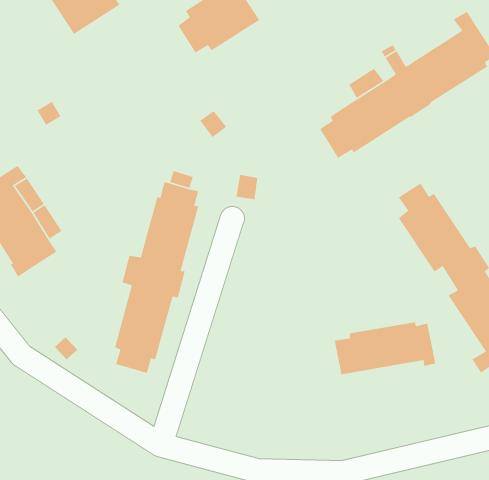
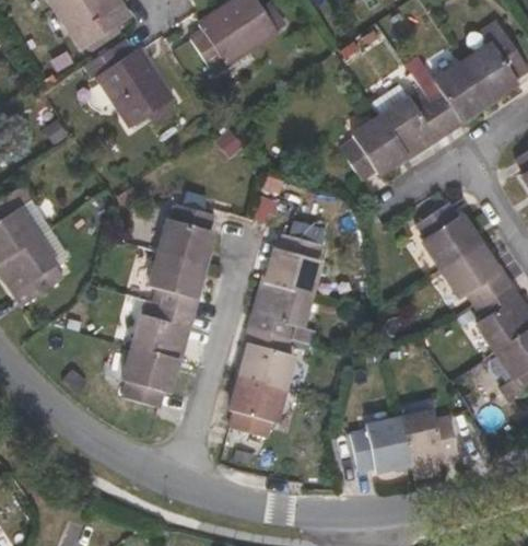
building: none -> [84,40,177,126]
building: none -> [230,233,320,437]
building: [334,321,436,375] -> [350,413,458,469]

